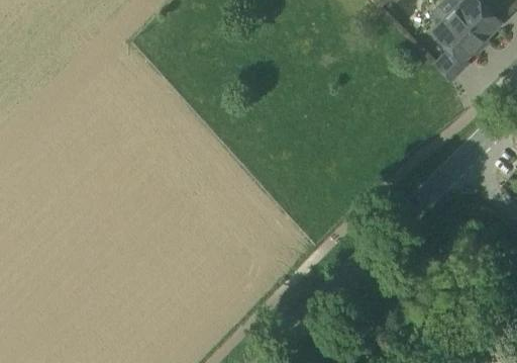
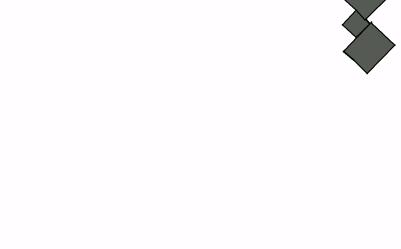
building: none -> [344,22,395,74]

